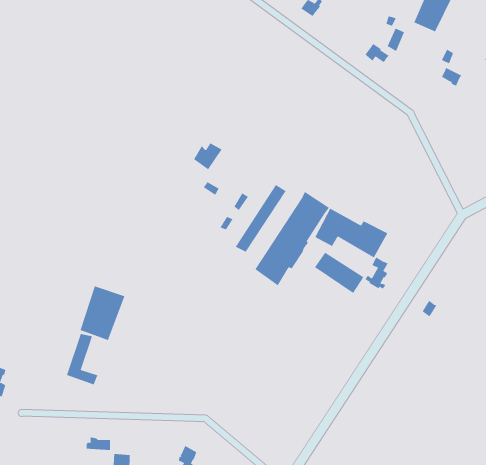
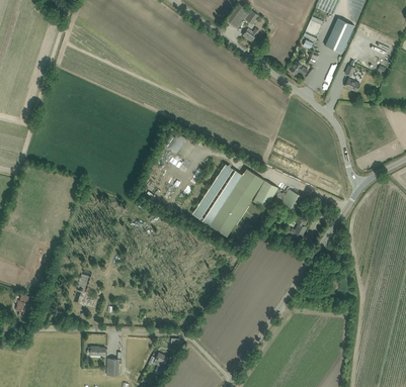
building: [314,252,364,294] -> none
building: [80,286,125,341] -> none

